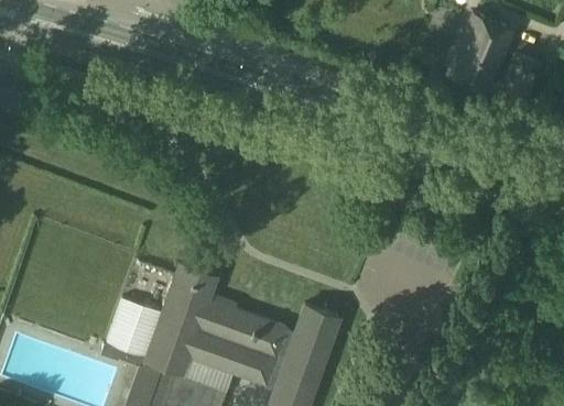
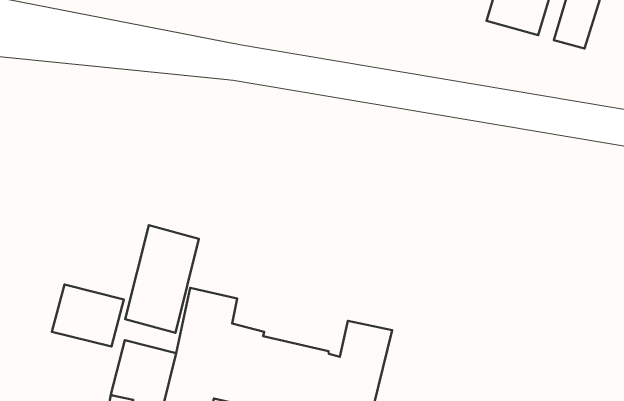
building: none -> [125,225,199,333]
building: none -> [52,285,124,347]

